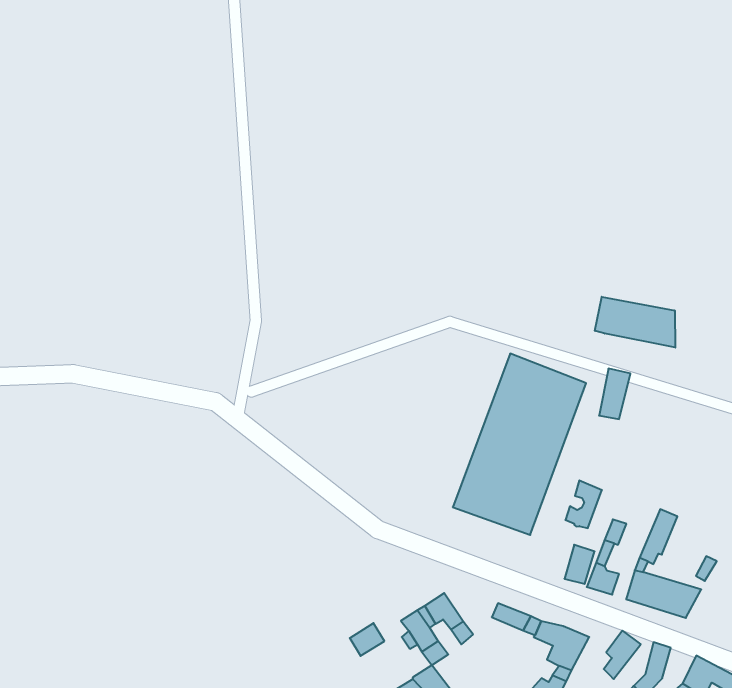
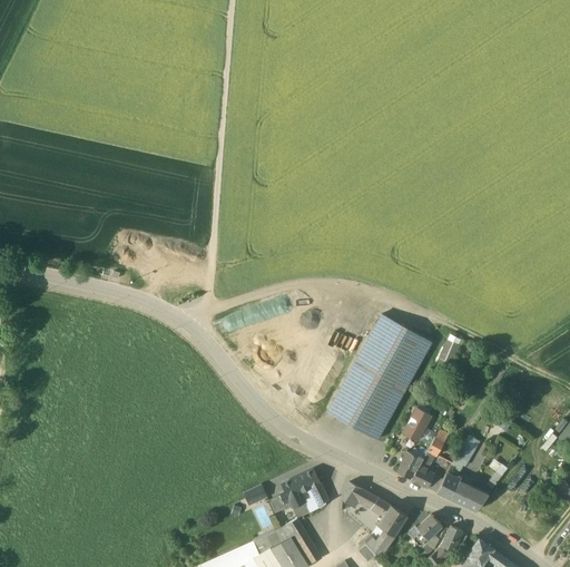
building: [595,297,675,348] -> none

